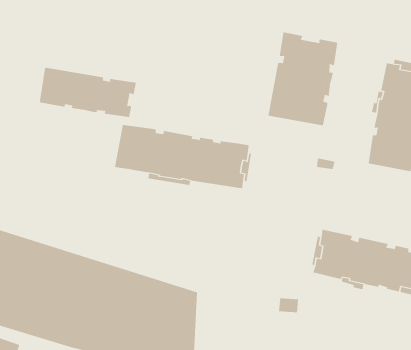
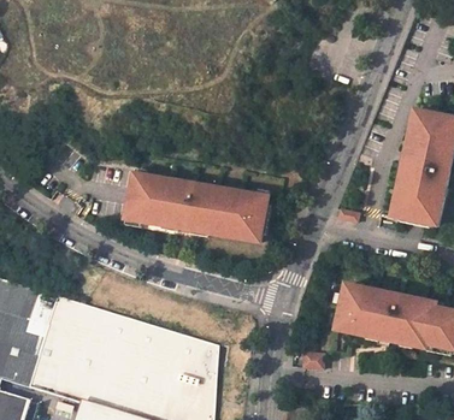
building: [268,32,338,126] -> none
building: [39,67,136,118] -> none

